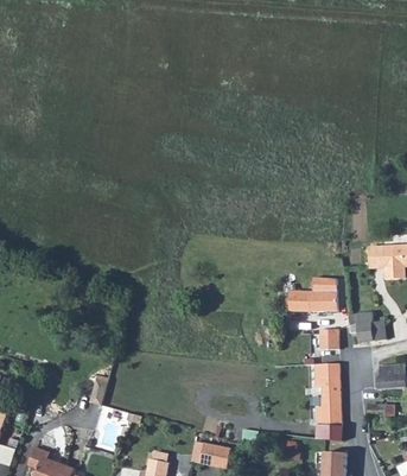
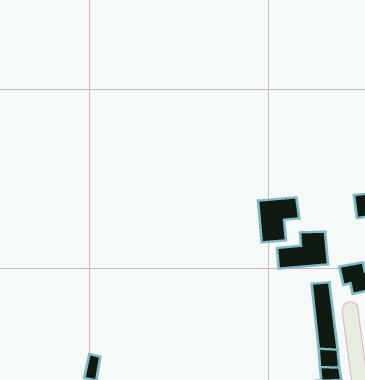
building: none -> [258,197,299,242]

